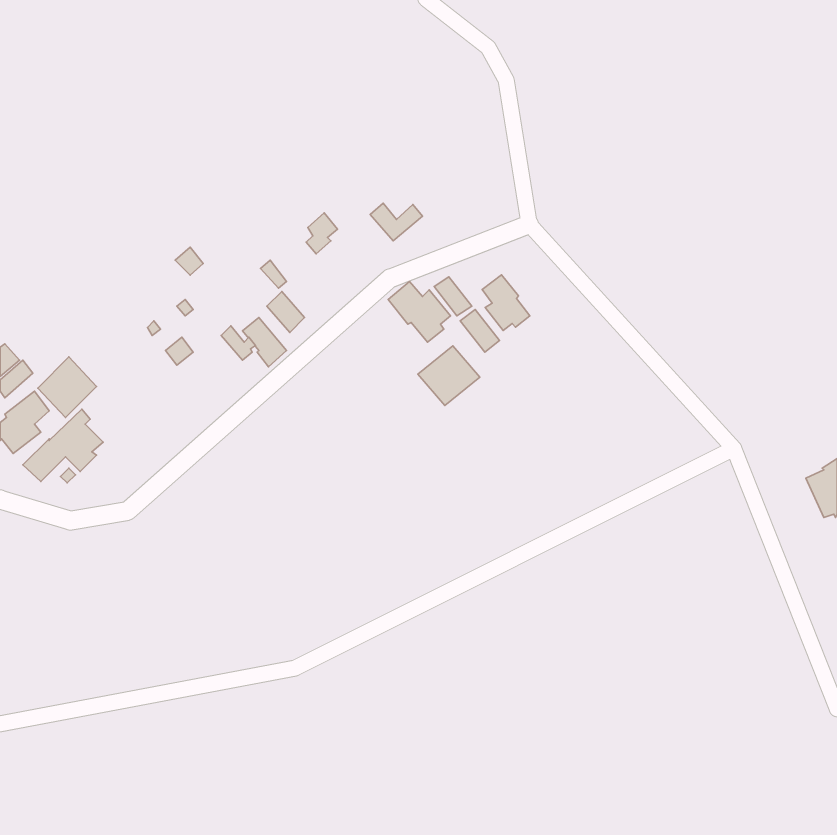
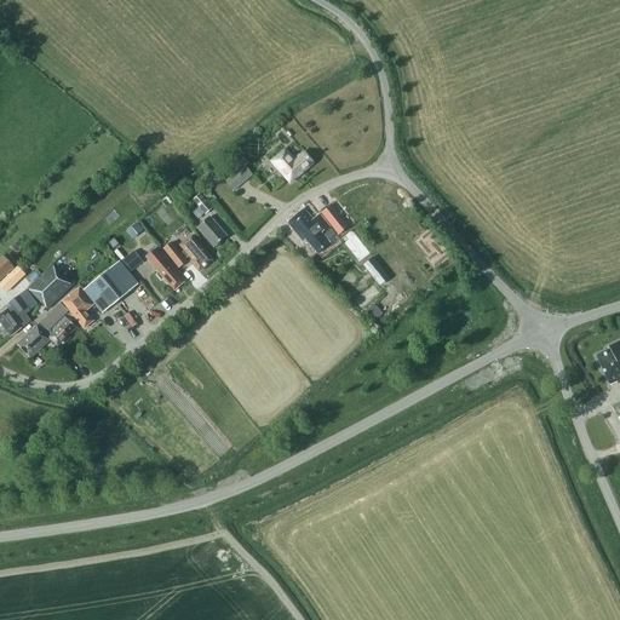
building: [482,275,530,330] -> none
building: none -> [145,245,186,289]
building: [418,346,480,405] -> none
building: none -> [62,259,138,327]

